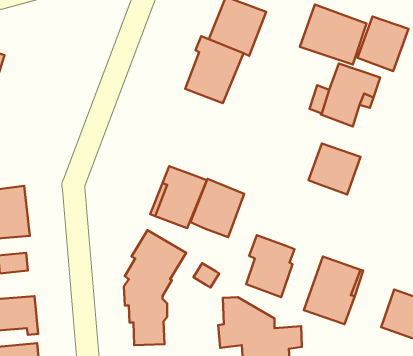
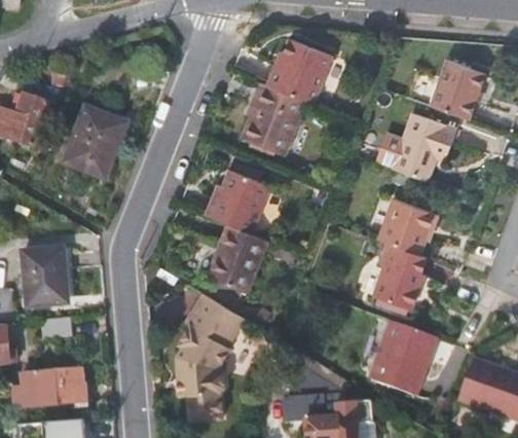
building: [300,4,366,65] -> none
building: none -> [62,107,124,179]
building: [190,179,244,237] -> [210,170,268,233]
building: [246,235,294,297] -> [375,243,428,311]

